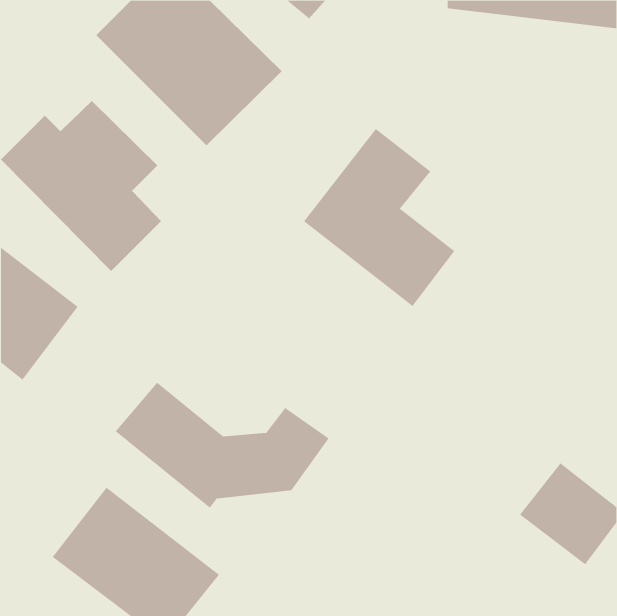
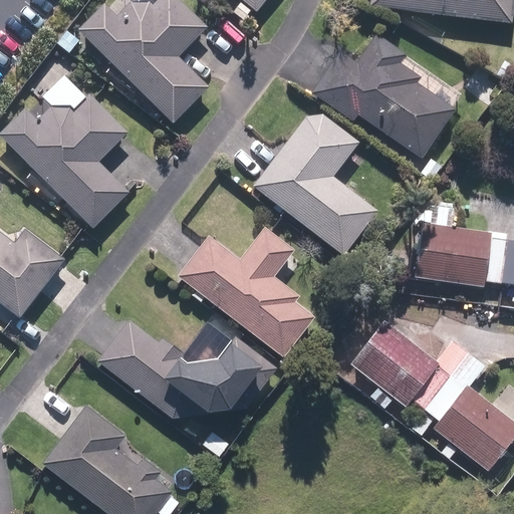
building: none -> [312,23,464,163]
building: none -> [416,223,493,288]
building: none -> [177,226,316,358]
building: none -> [350,321,439,408]

